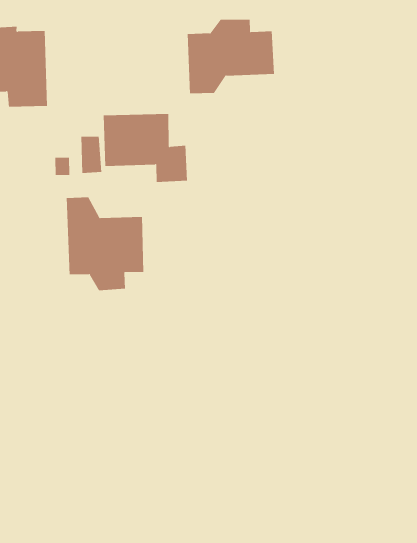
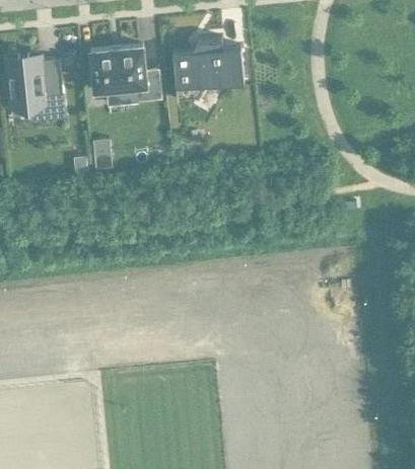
building: [103,113,188,183] -> [89,46,160,101]
building: [66,196,144,291] -> none

